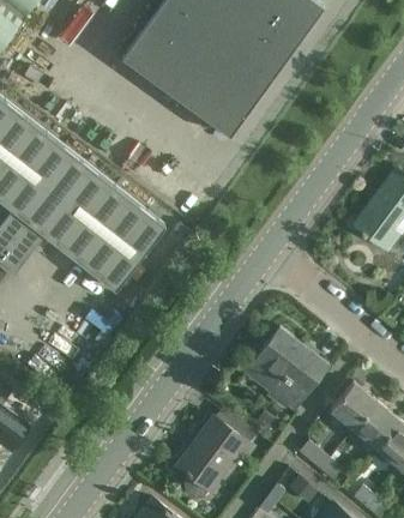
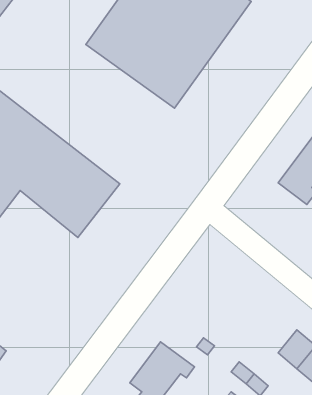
building: [243,326,327,410] -> none
building: [328,381,376,429] -> none

